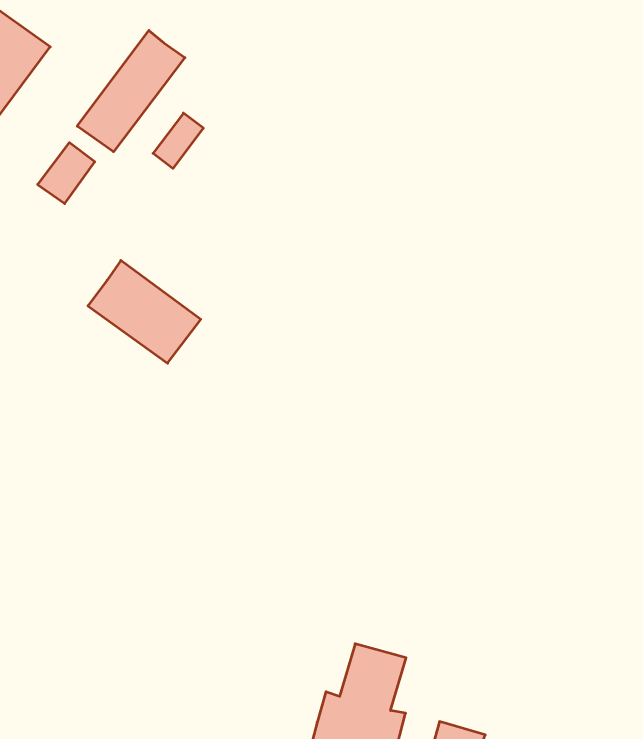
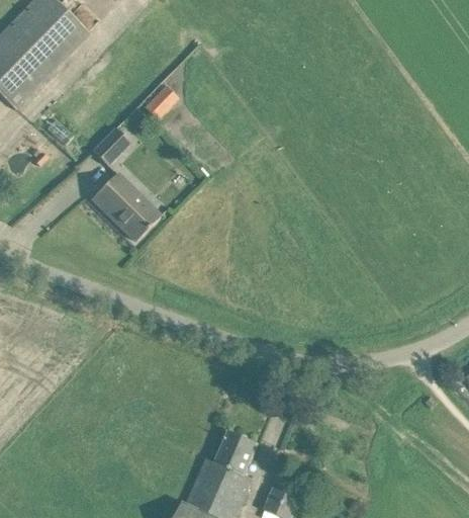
building: [77,30,185,152] -> none
building: [38,143,95,204] -> [92,127,129,165]

